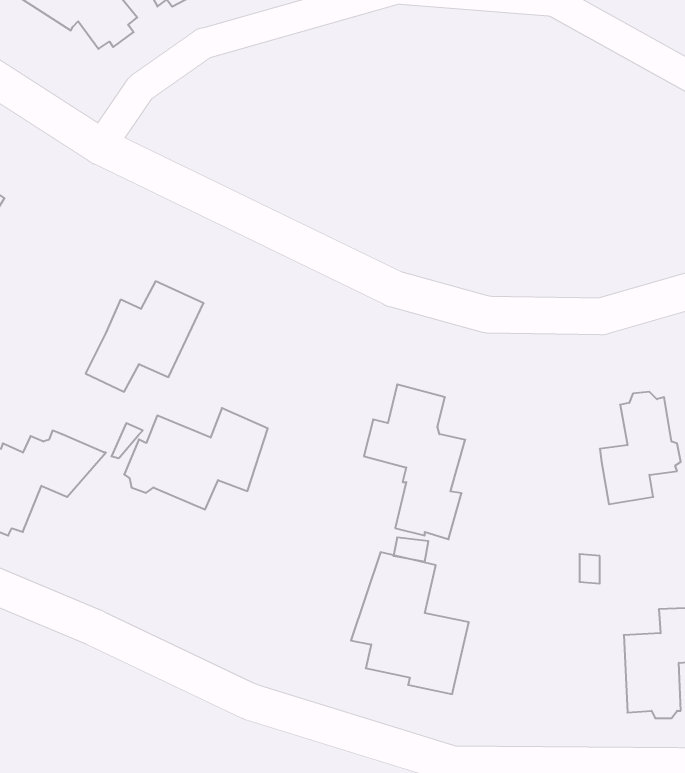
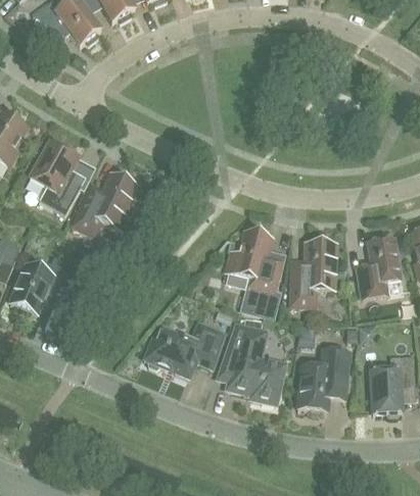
building: none -> [30,141,80,213]
building: none -> [290,243,335,305]
building: [124,408,268,510] -> [144,320,224,377]
building: none -> [297,348,348,413]

